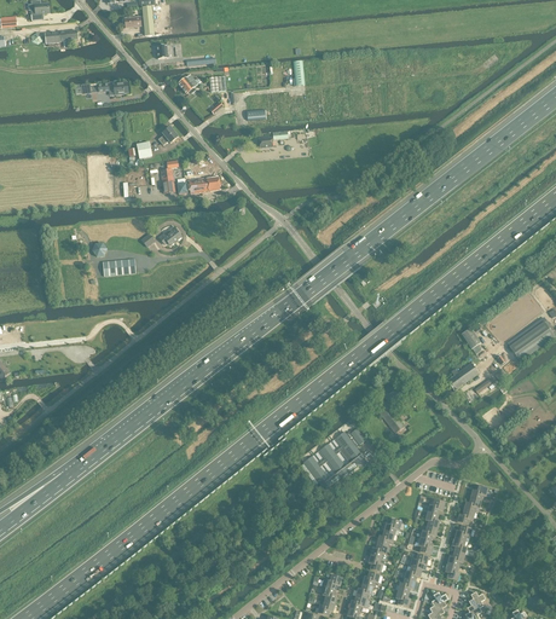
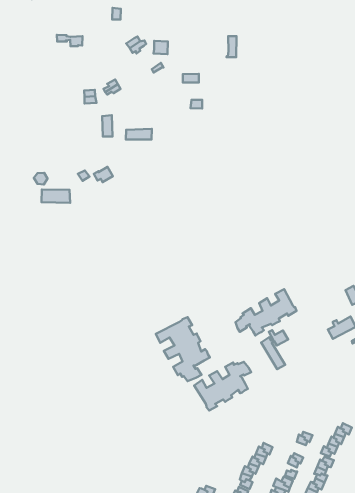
building: none -> [235,289,296,335]
building: none -> [156,317,210,381]

